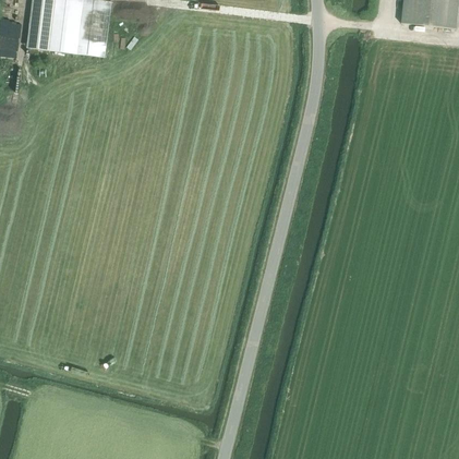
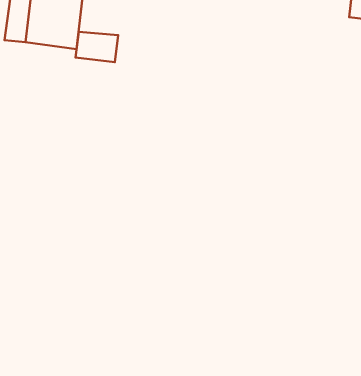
building: none -> [76,32,118,62]

